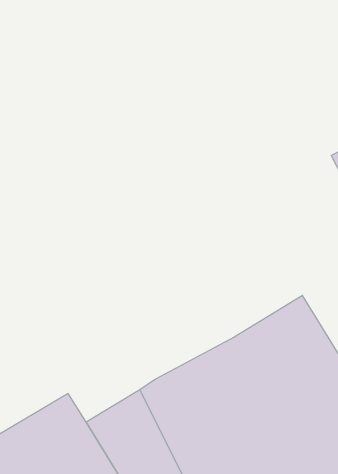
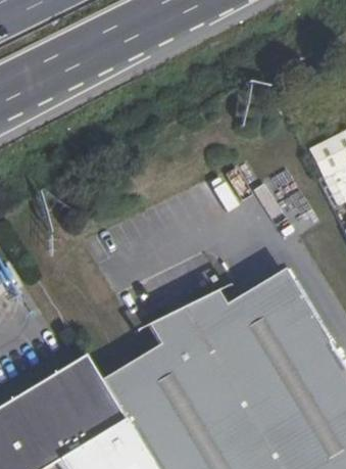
building: none -> [149,290,229,340]

